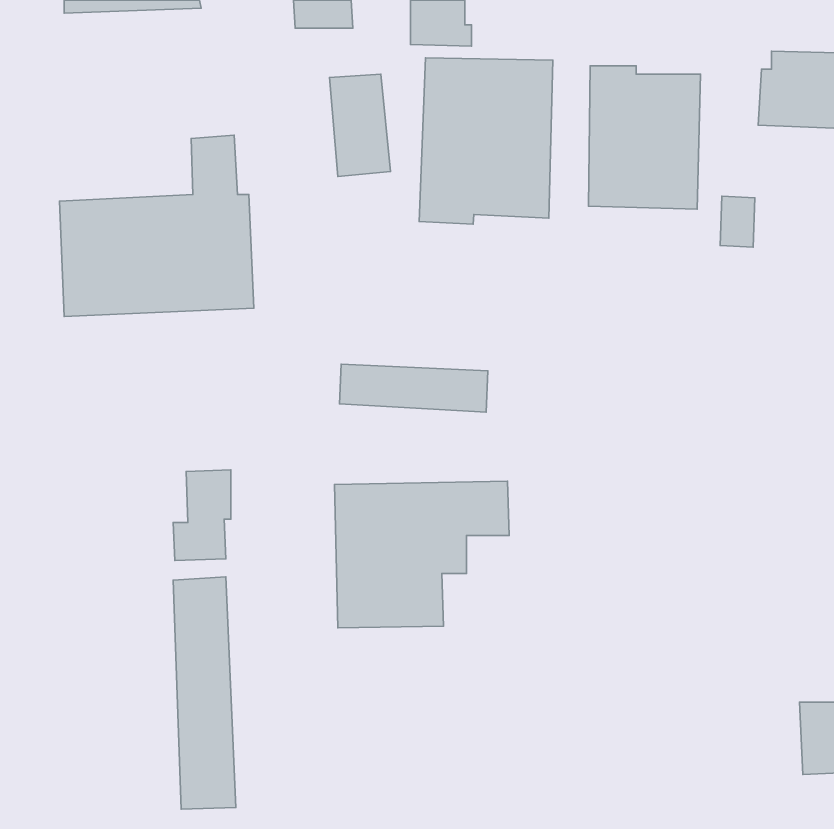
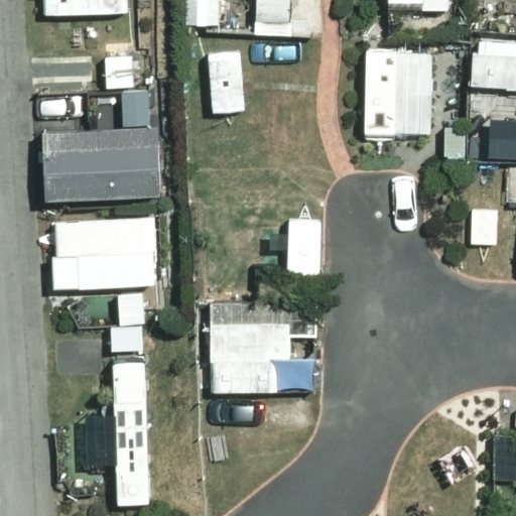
building: [419,58,553,224] -> none
building: none -> [55,220,156,288]

